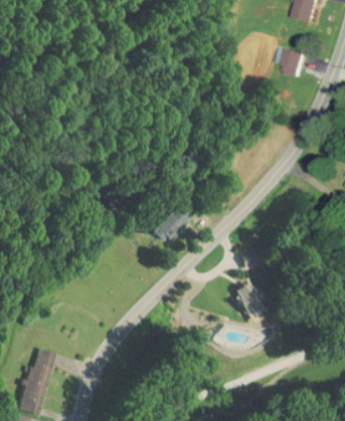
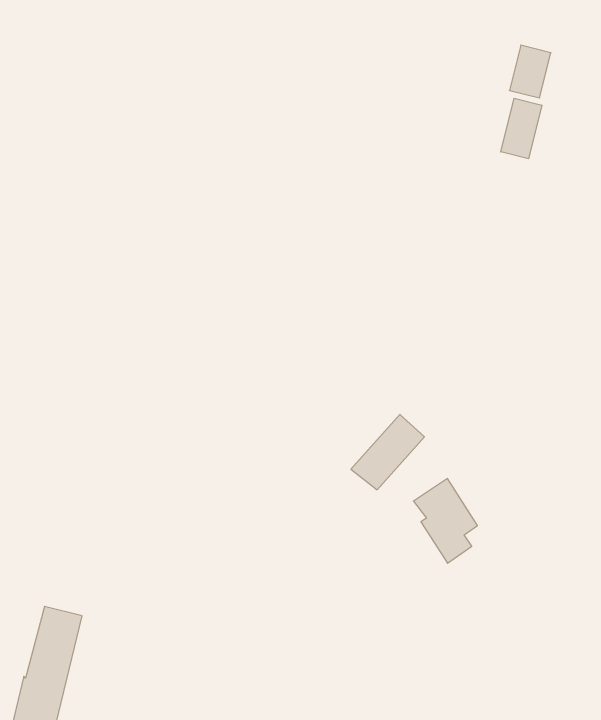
building: none -> [501,98,542,159]
building: [151,204,190,244] -> [351,414,424,490]

